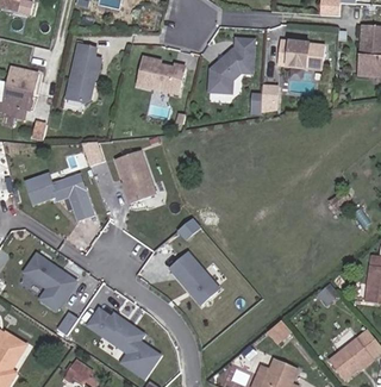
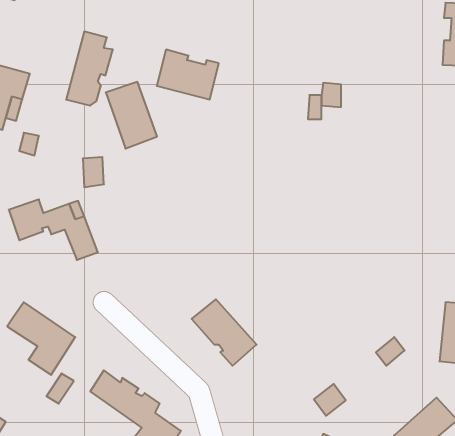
building: [285,33,331,62] -> none
building: [218,36,260,89] -> none
building: [114,150,155,202] -> [106,82,157,149]

